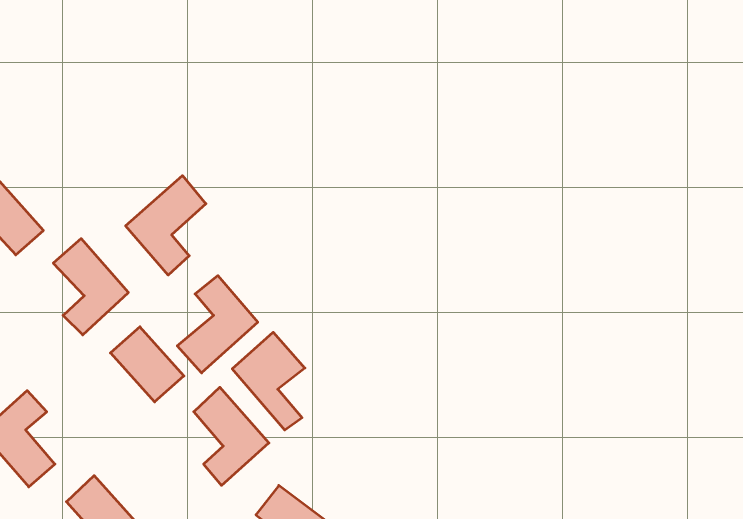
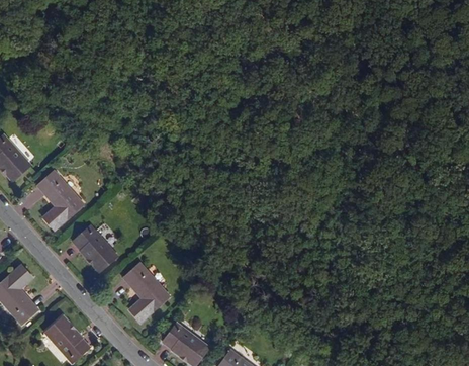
building: [126,176,206,275] -> none
building: [177,276,258,373] -> none
building: [232,332,305,430] -> none

